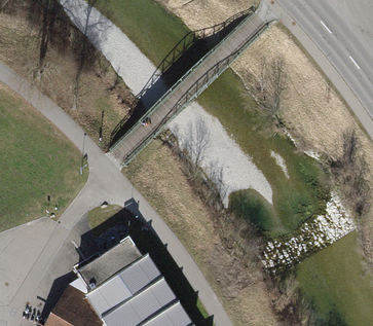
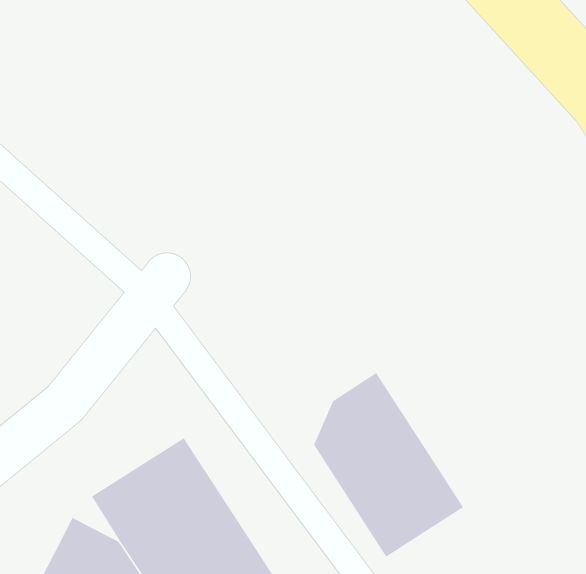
building: none -> [314,372,464,558]

